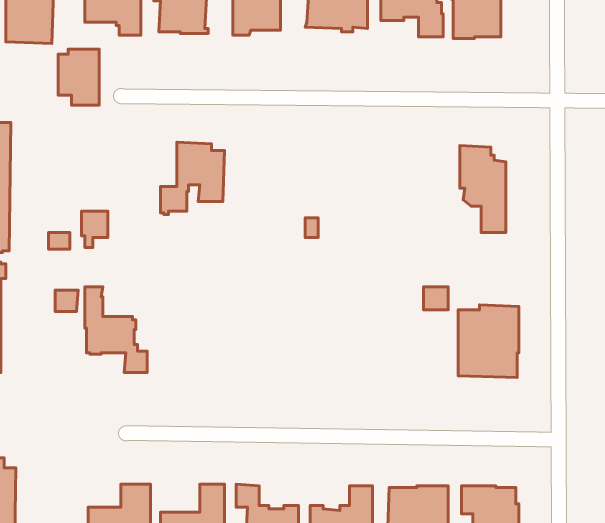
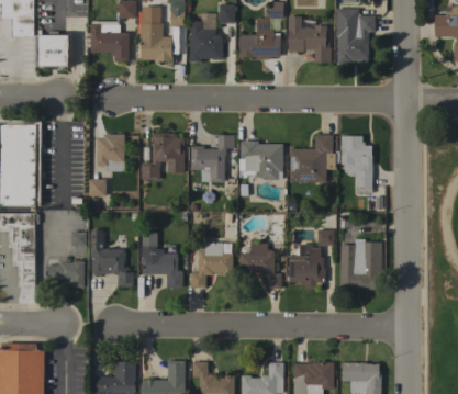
building: [58,49,99,105] -> [97,134,124,171]
building: none -> [191,135,234,182]
building: none -> [290,135,335,183]
building: none -> [239,140,283,180]
building: none -> [191,243,233,288]
building: none -> [239,243,281,288]
building: none -> [142,244,182,288]
building: none -> [289,244,325,289]
building: none -> [45,261,85,288]

